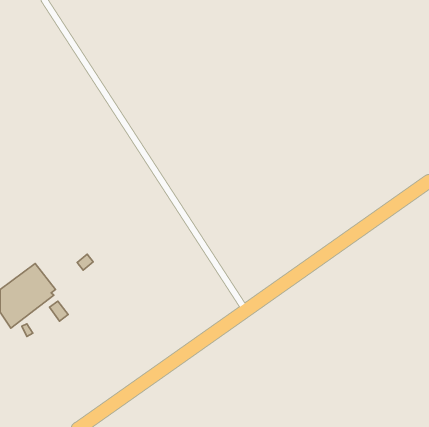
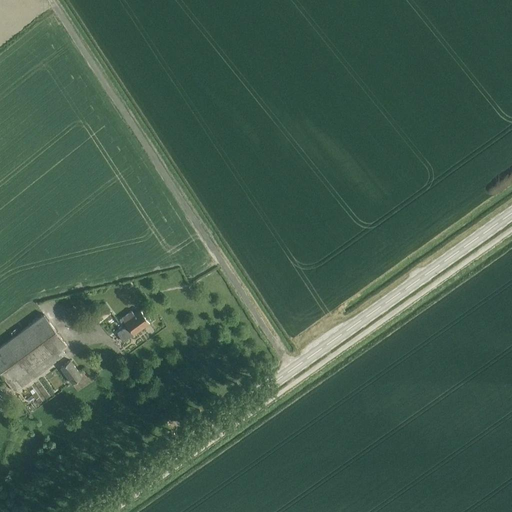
building: none -> [116,312,150,344]

